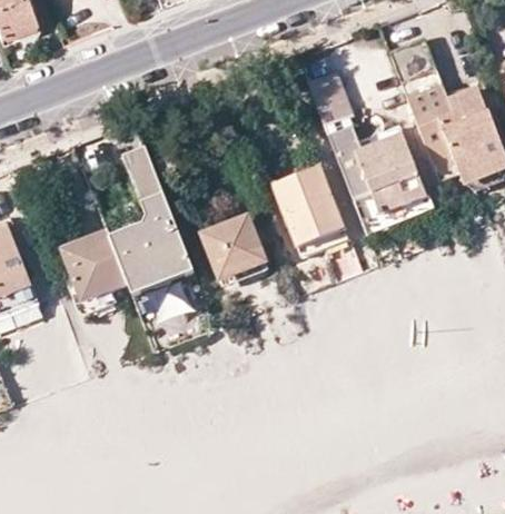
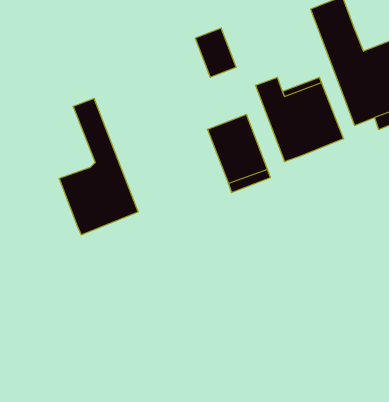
building: [307,71,353,126] -> [195,28,236,77]
building: [202,218,269,286] -> none
building: [62,235,129,309] -> none

